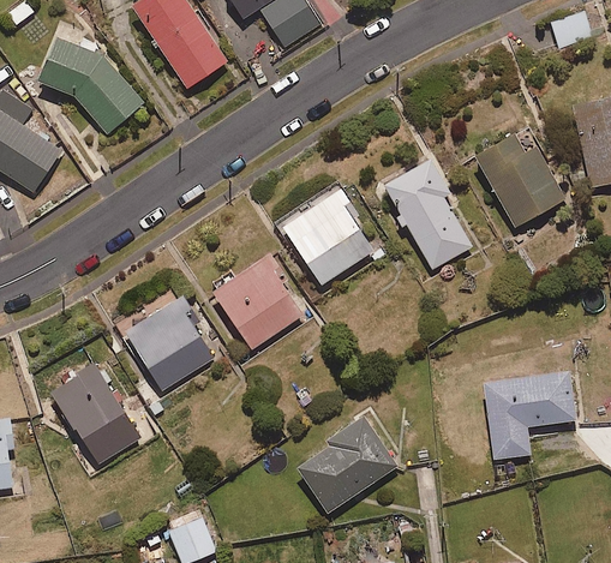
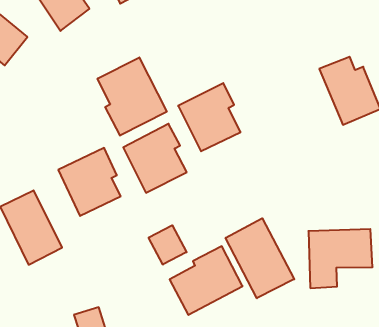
building: [383,155,473,269] -> none
building: none -> [98,57,167,136]
building: none -> [226,218,294,298]
building: none -> [149,225,187,265]

